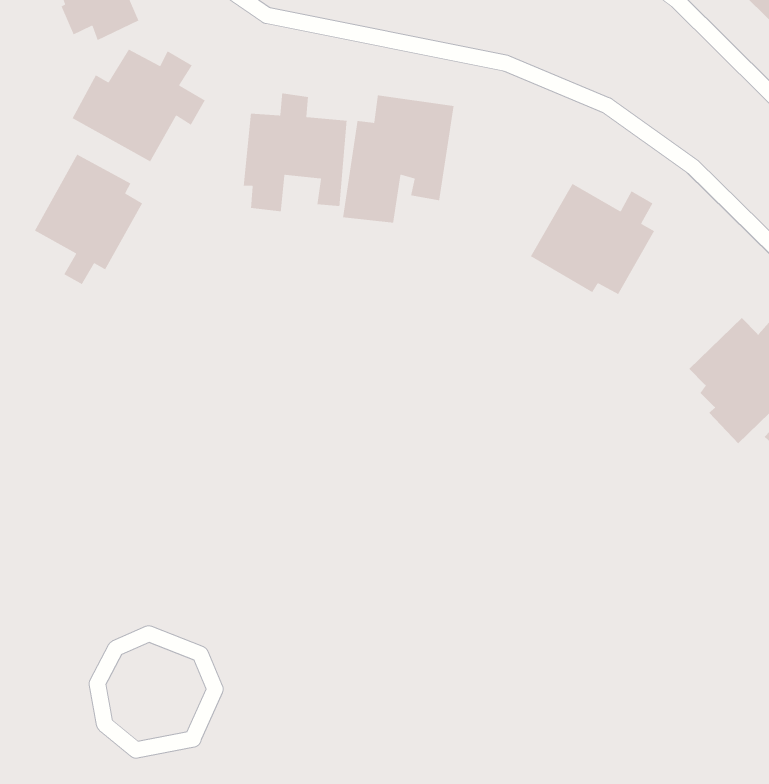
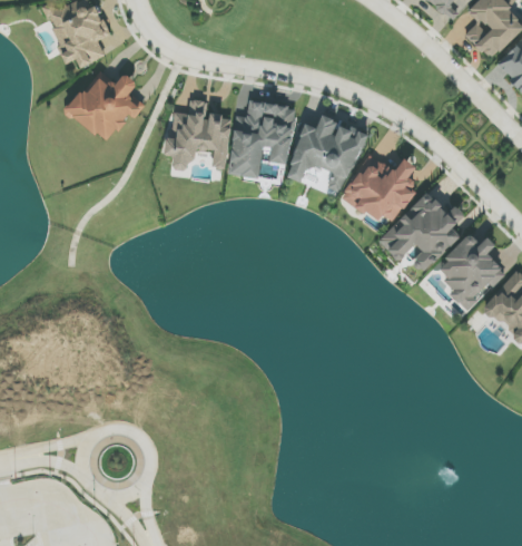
building: none -> [284,115,365,192]
building: [34,154,143,285] -> none
building: none -> [377,191,464,271]

